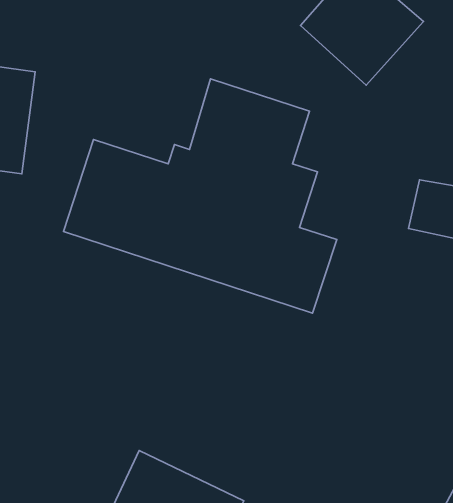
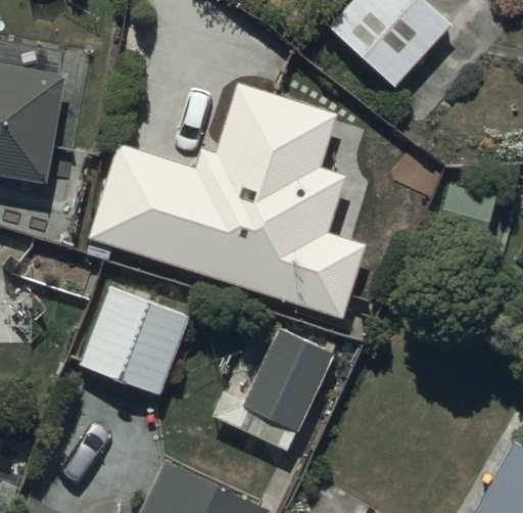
building: none -> [80,287,187,393]
building: none -> [212,332,331,451]

